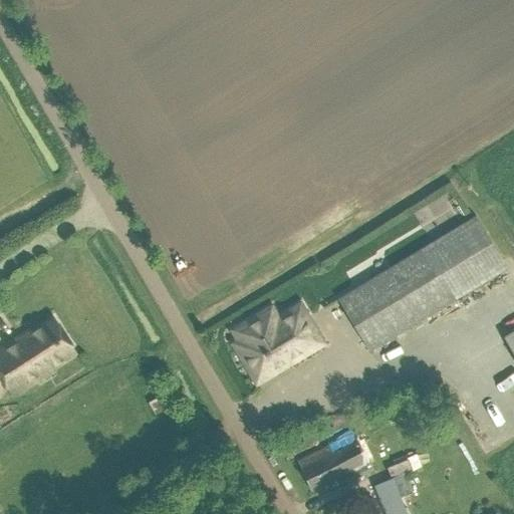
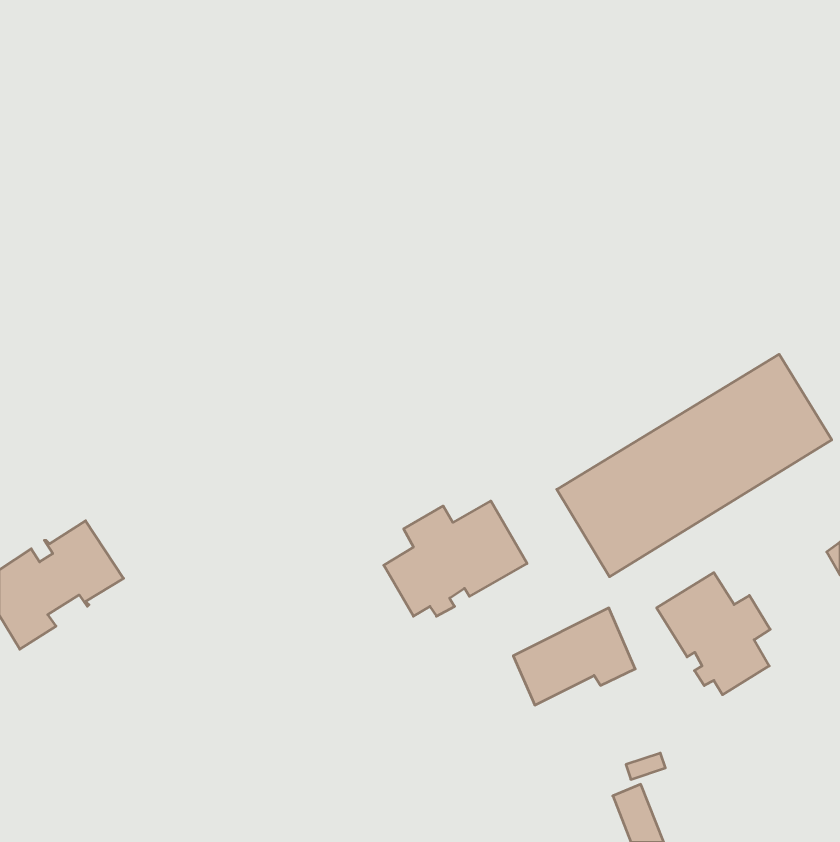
building: none -> [657,573,770,695]
building: [295,431,369,490] -> [513,608,635,705]

